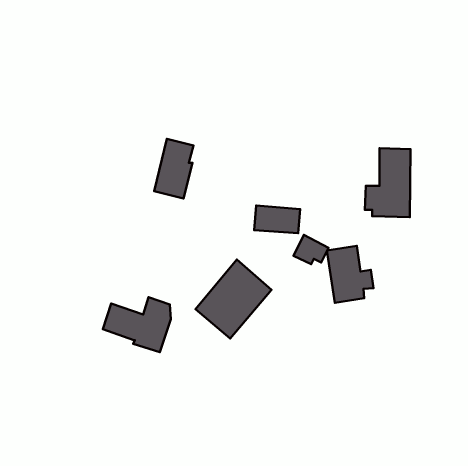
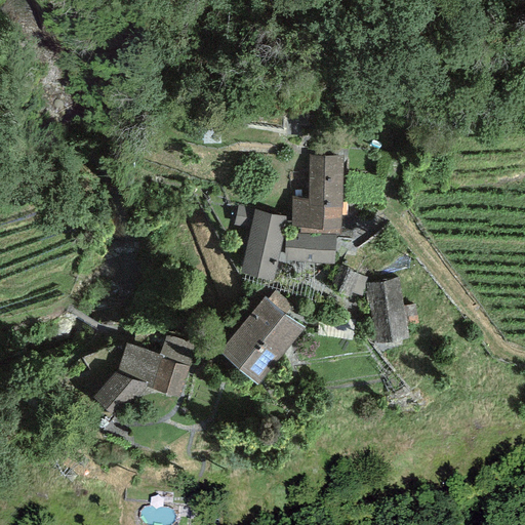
building: [154,139,193,199] -> [241,209,285,276]
building: [365,148,411,217] -> [292,155,344,232]
building: none -> [94,371,151,418]

